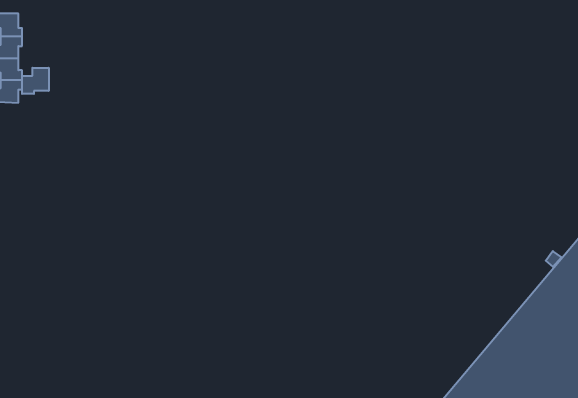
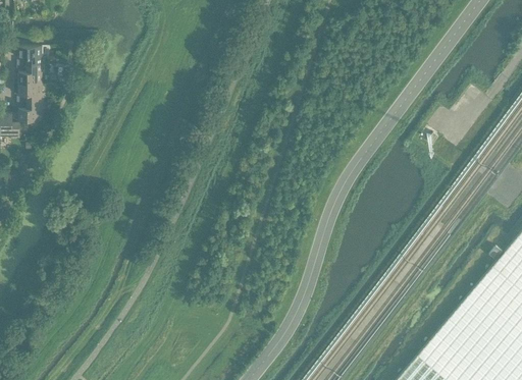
building: [22,68,49,94] -> none

